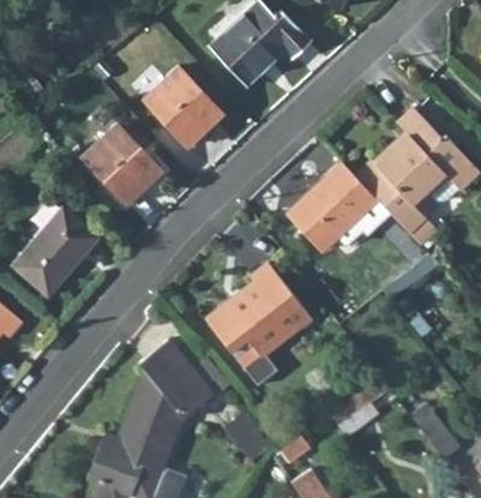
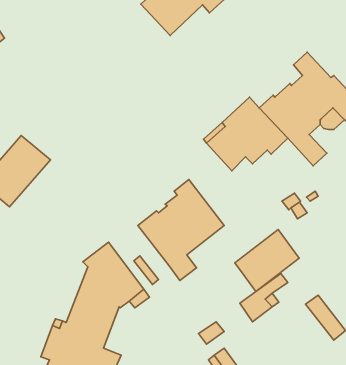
building: [143,66,222,148] -> none
building: [82,122,162,204] -> none
building: none -> [235,230,299,291]

